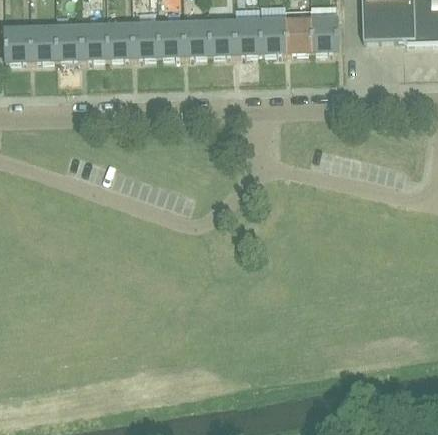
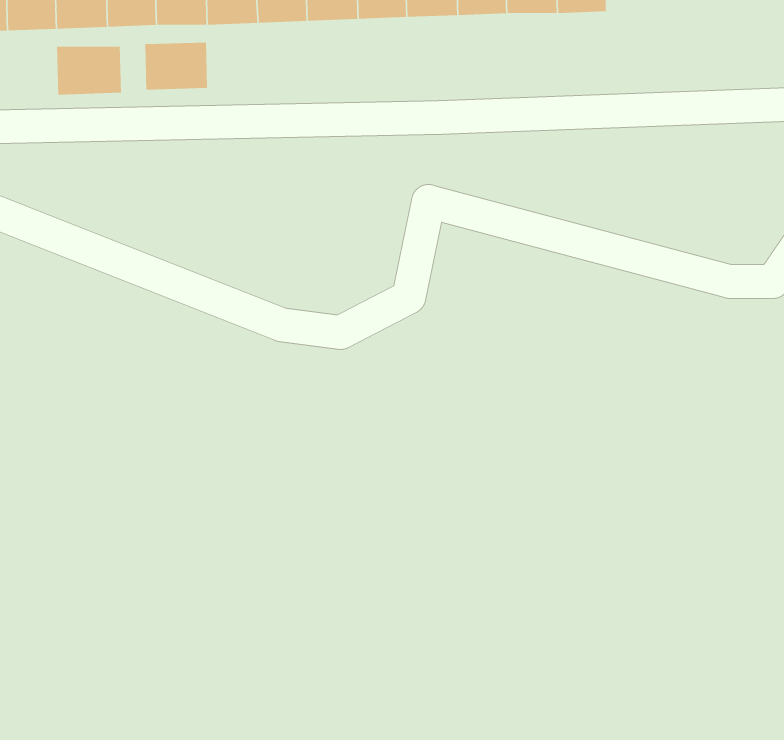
building: none -> [145,42,208,90]
building: none -> [56,46,122,95]

